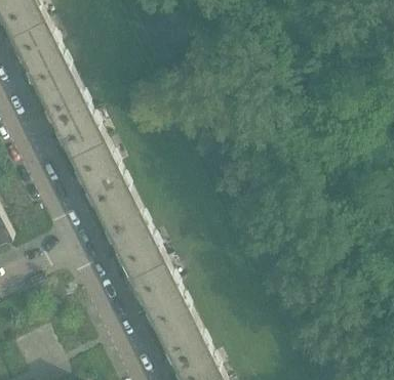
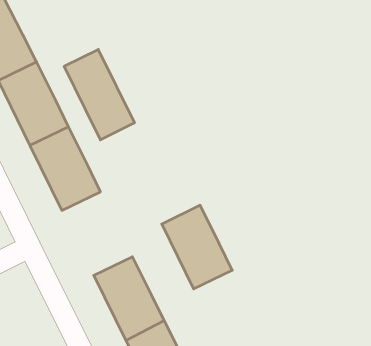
building: none -> [64,49,134,140]
building: [99,201,164,279] -> [162,205,232,289]

